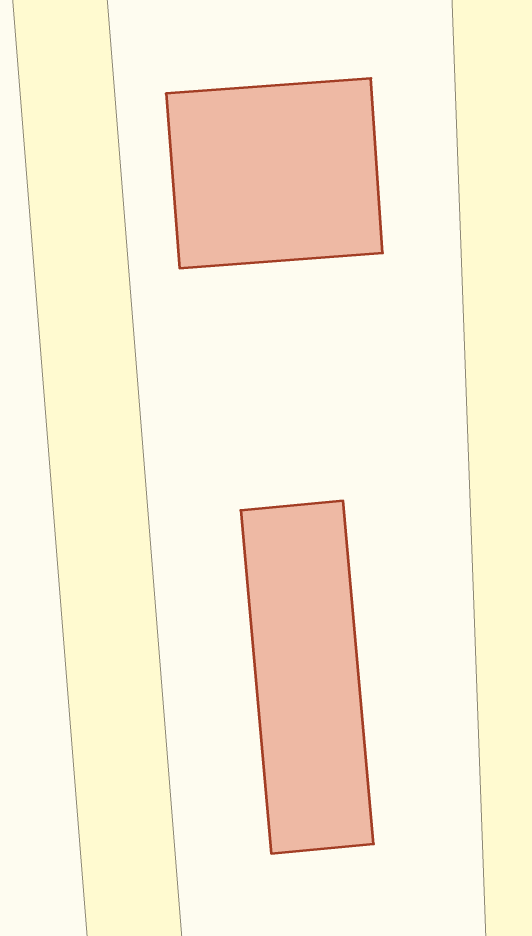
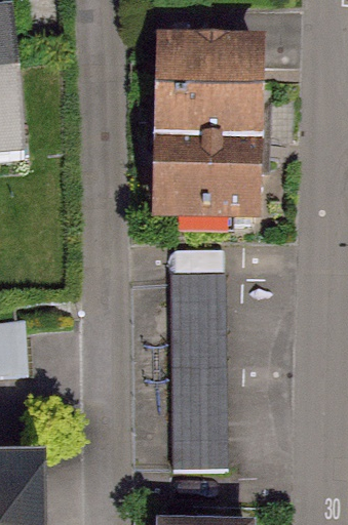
building: none -> [147,148,258,212]

